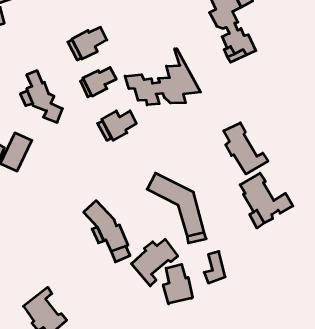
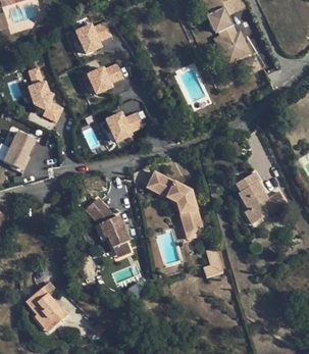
building: [125,49,201,105] -> none
building: [224,123,268,174] -> none
building: [131,239,178,286] -> none
building: [163,264,193,304] -> none

